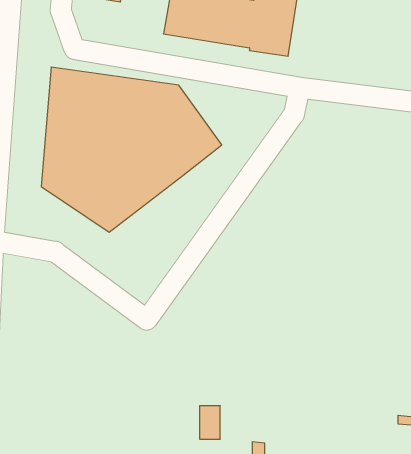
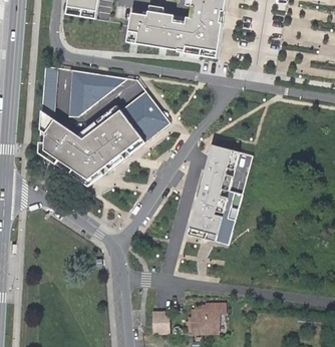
building: none -> [188,144,252,245]
building: none -> [184,302,224,334]

